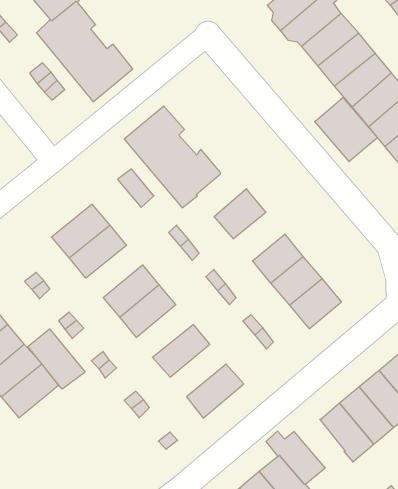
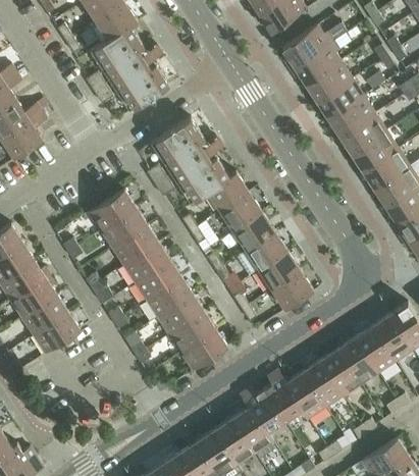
building: [315,97,377,162] -> none
building: none -> [207,172,248,212]
building: none -> [232,213,274,251]
building: none -> [111,226,158,266]
building: none -> [146,278,193,318]
building: [28,329,85,389] -> none
building: none -> [169,313,215,353]
building: none -> [263,371,302,422]

